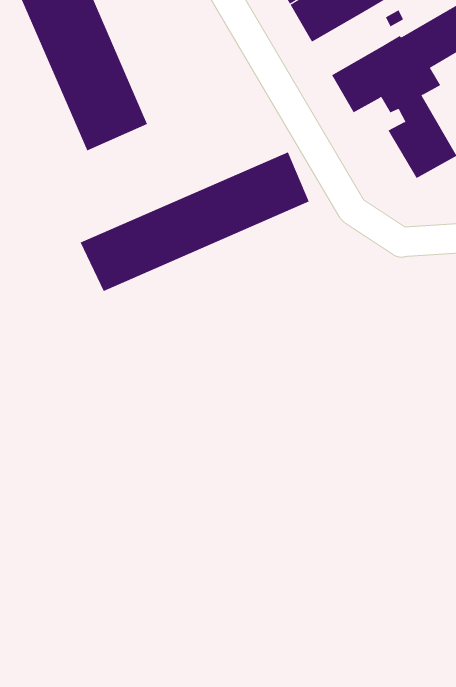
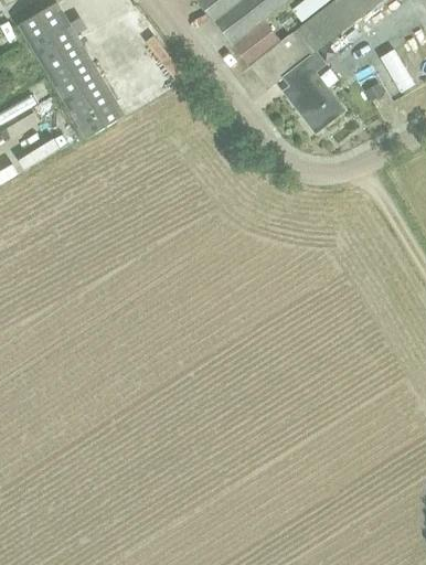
building: none -> [231,18,280,64]
building: [80,152,310,292] -> none

